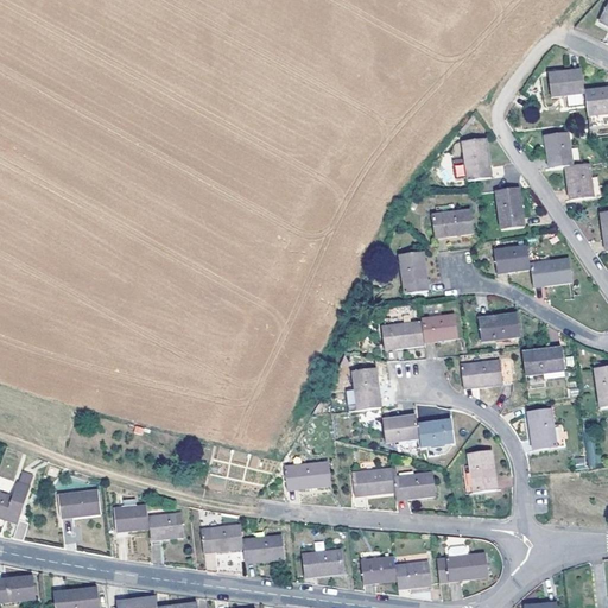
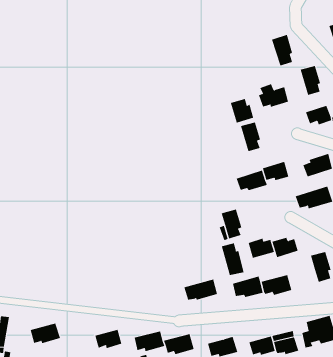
building: none -> [230,98,254,123]
building: none -> [221,242,244,276]
building: [115,504,150,528] -> none

